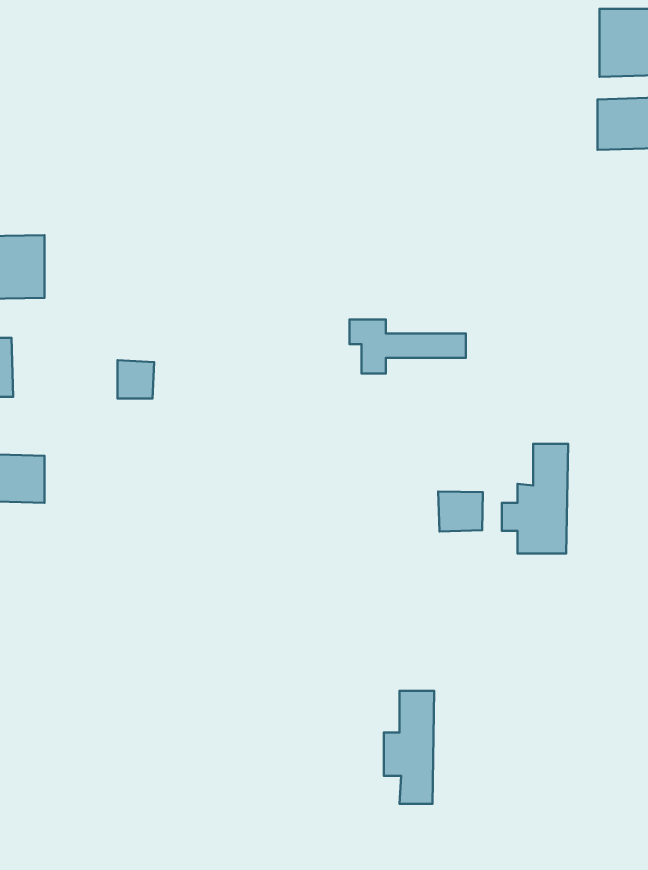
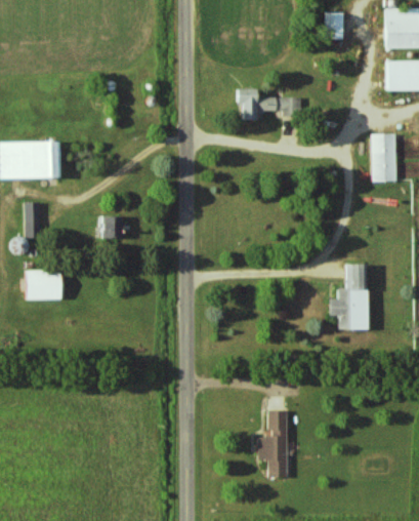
building: none -> [325,12,343,39]
building: none -> [371,134,396,182]
building: [349,320,466,374] -> [234,89,302,121]
building: [438,491,483,531] -> none

